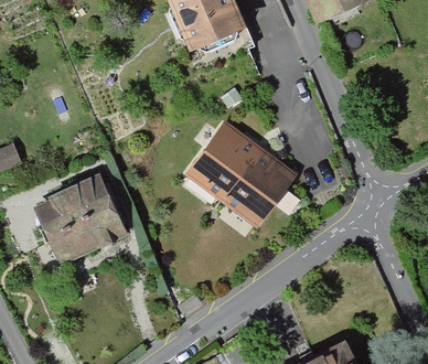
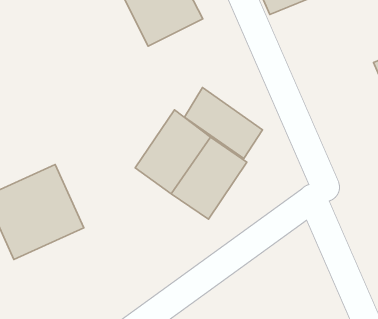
building: none -> [185,88,263,158]

